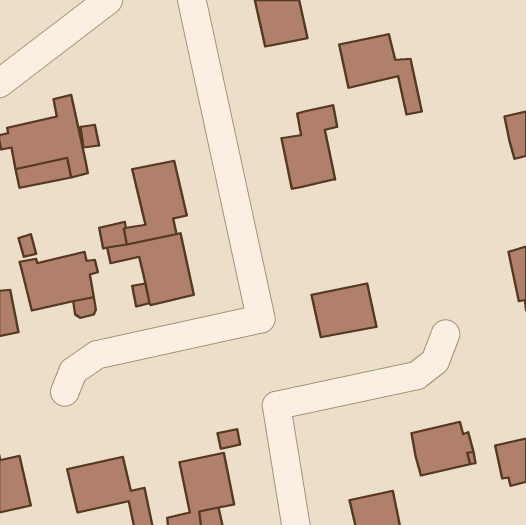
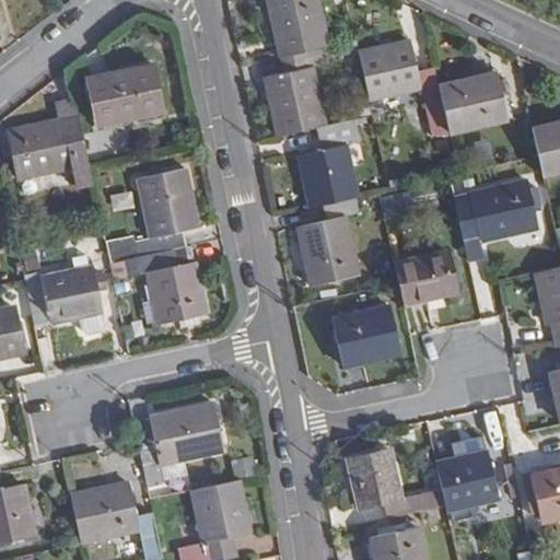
building: none -> [265,39,343,130]
building: none -> [438,62,506,120]
building: none -> [89,69,163,129]
building: none -> [455,176,538,256]
building: none -> [296,192,357,281]
building: none -> [395,246,457,299]
building: none -> [136,406,222,487]
building: none -> [348,447,445,515]

